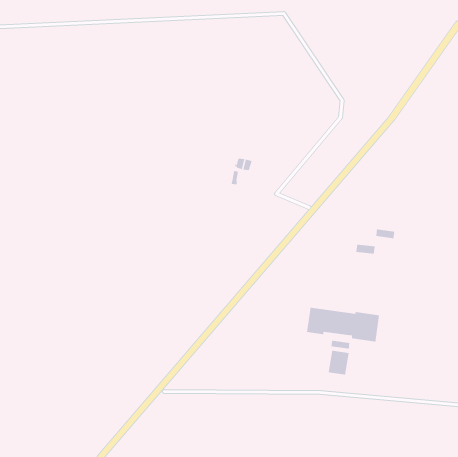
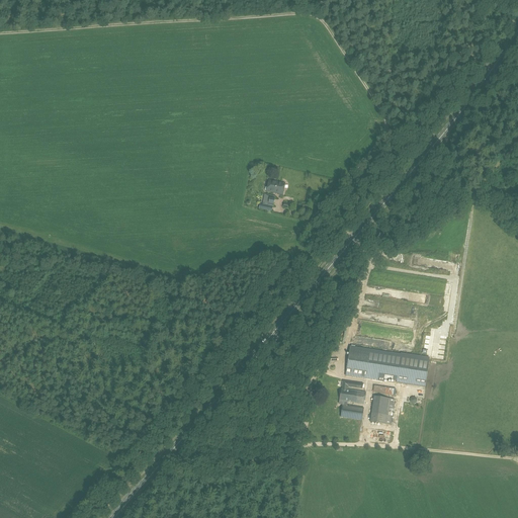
building: none -> [338,378,365,418]

